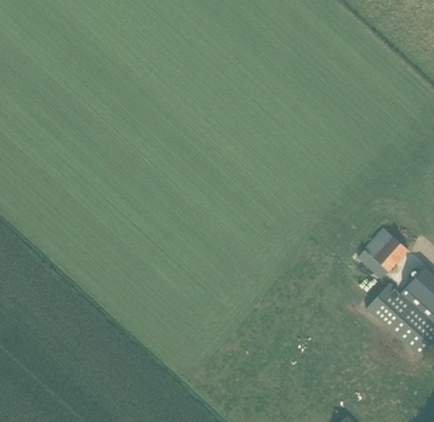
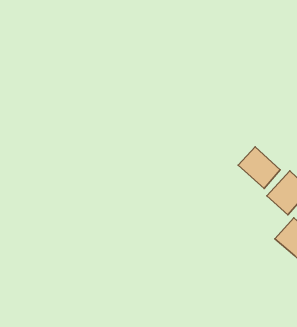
building: none -> [238,147,280,189]

